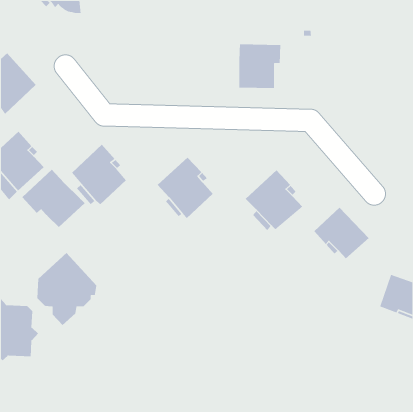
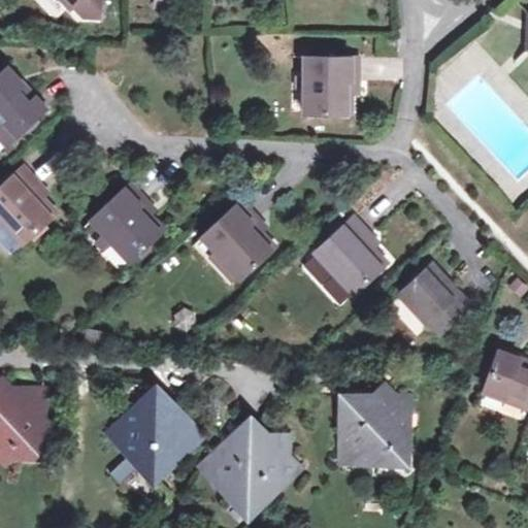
building: [21,169,86,228] -> none
building: [37,252,97,326] -> [119,388,196,482]
building: none -> [340,385,408,464]
building: none -> [202,418,292,518]

